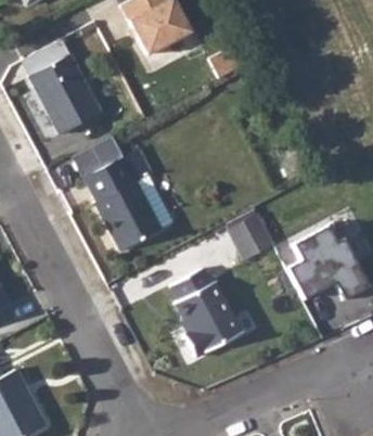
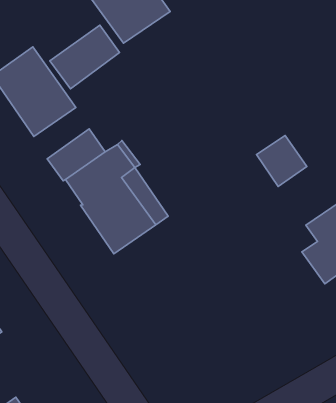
building: none -> [50,25,120,89]
building: [229,215,273,260] -> [256,135,307,187]
building: [170,268,242,357] -> none

